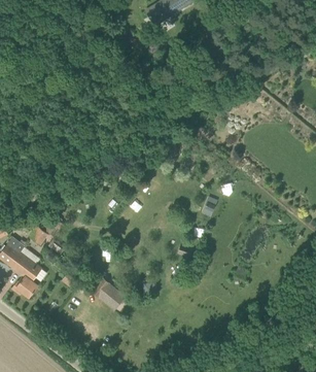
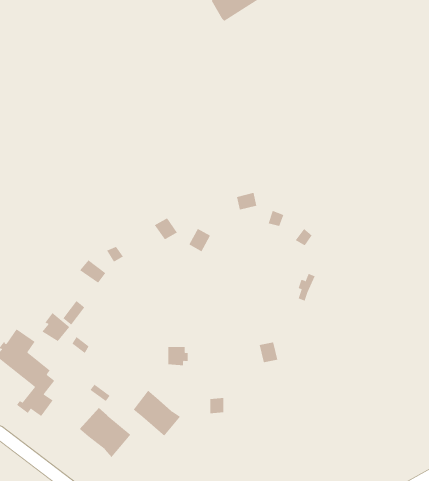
building: none -> [79,407,131,458]

